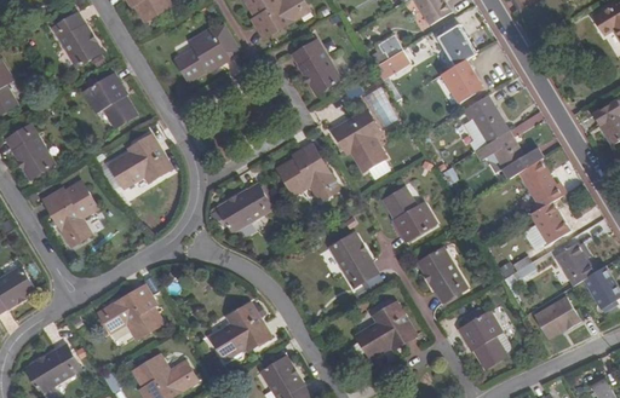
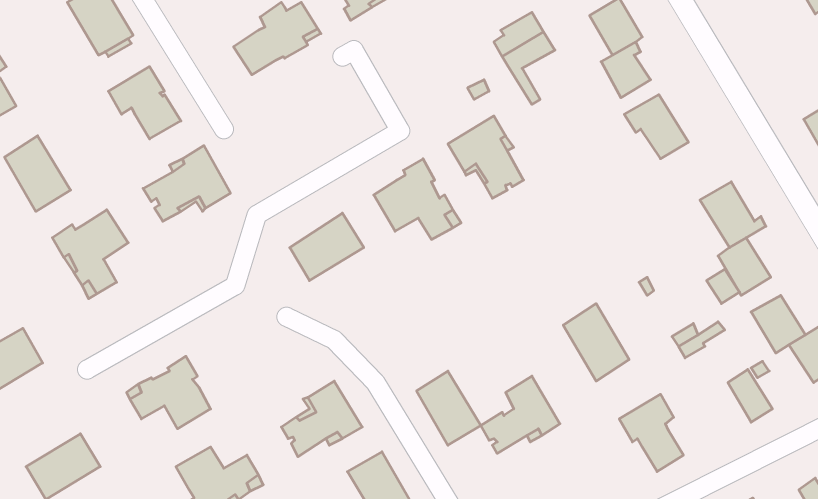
building: [291,40,339,94] -> none
building: [476,129,541,177] -> none
building: [381,189,434,242] -> none
building: [329,232,377,287] -> [417,371,481,445]

